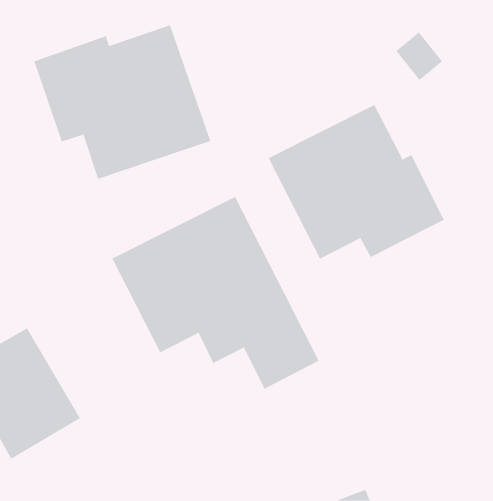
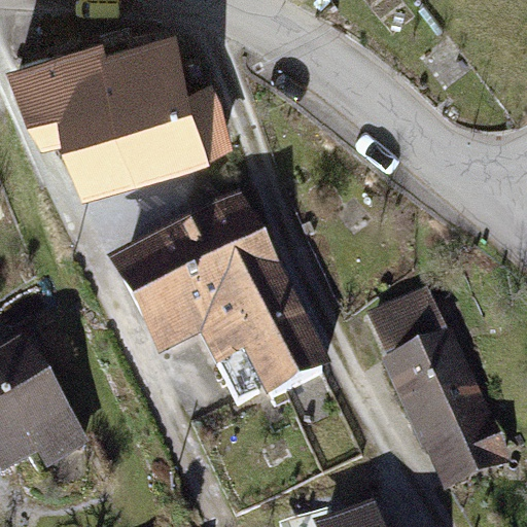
building: [268,104,444,260] -> none
building: none -> [366,293,507,499]

